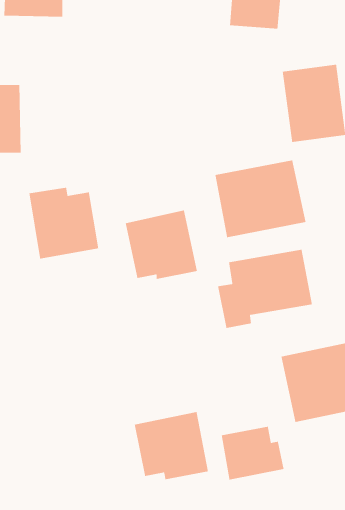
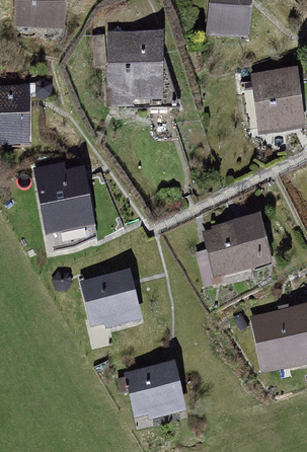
building: none -> [106,29,163,103]
building: [214,159,306,238] -> none
building: [125,210,198,280] -> [79,268,141,327]
building: [221,426,284,480] -> none

